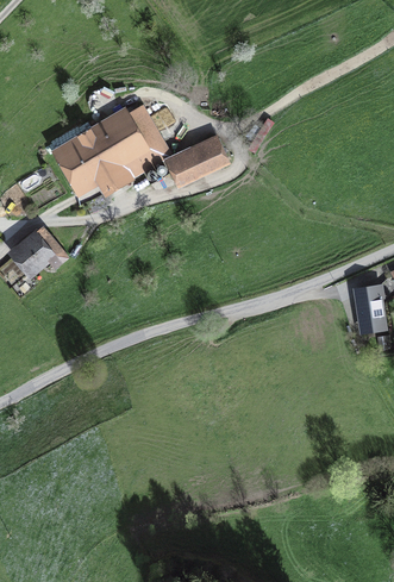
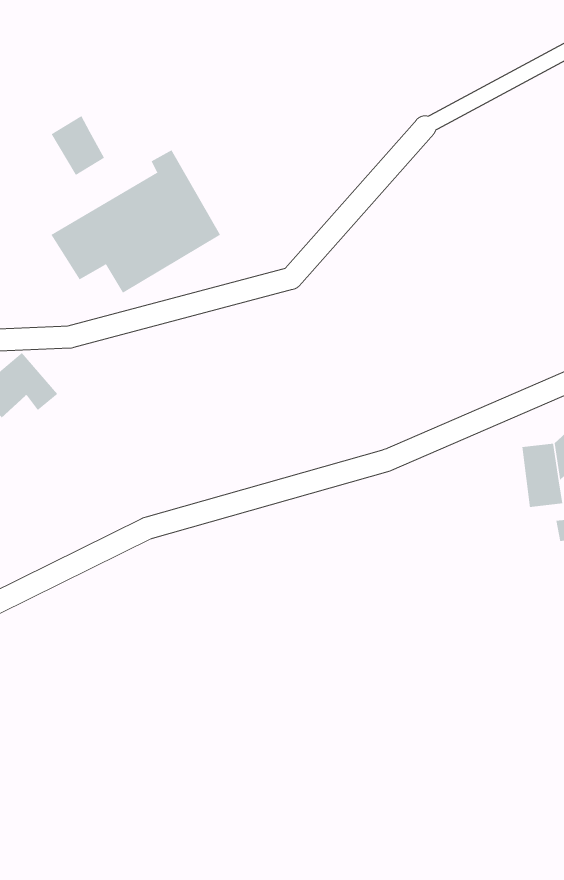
building: none -> [51,115,105,176]
building: [168,139,220,180] -> none

